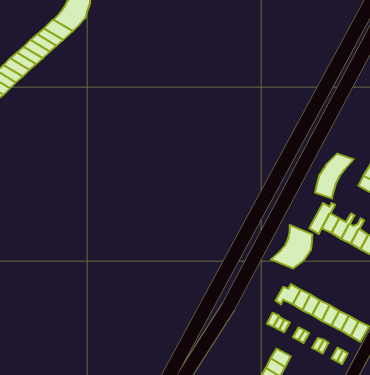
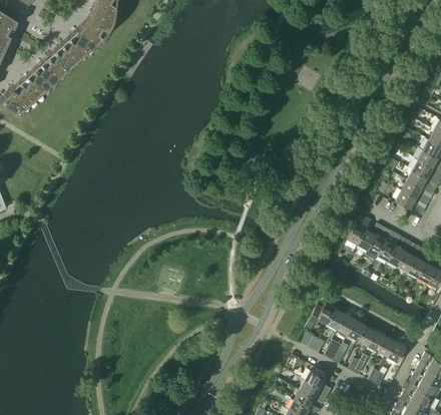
building: [315,153,354,199] -> none
building: [271,225,312,269] -> none

